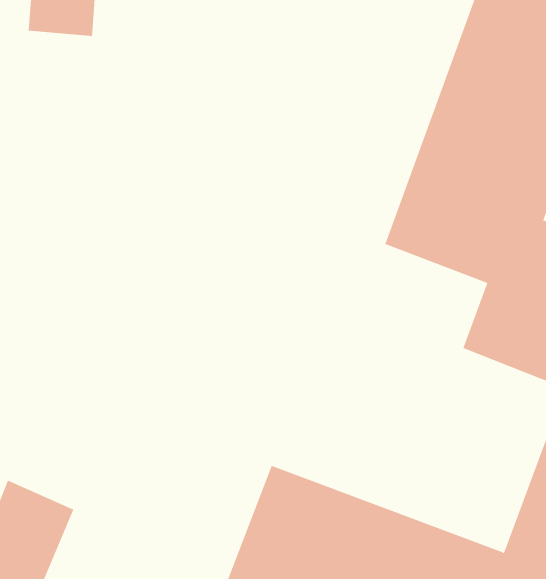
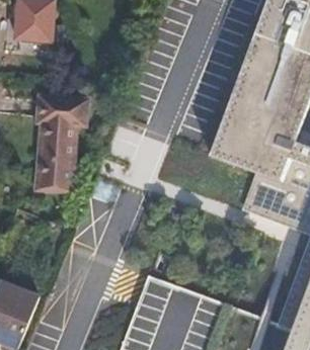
building: none -> [41,99,88,184]

